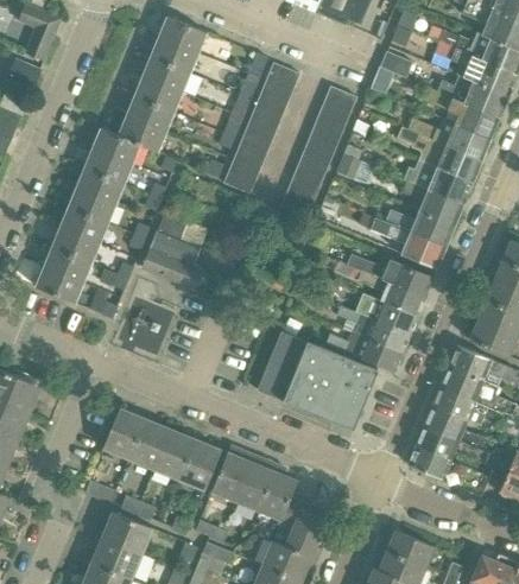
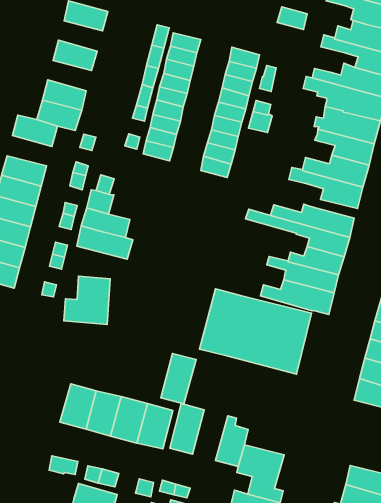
building: [153,36,200,71] -> none
building: [137,75,183,110] -> none
building: [84,146,132,182] -> none
building: [234,453,276,507] -> [161,353,196,404]

